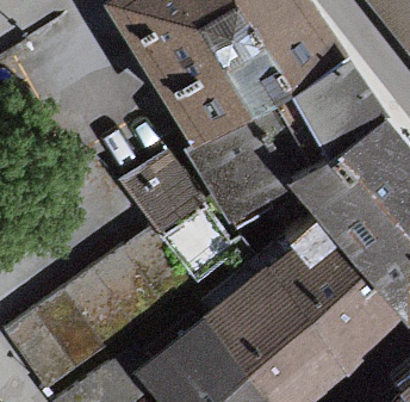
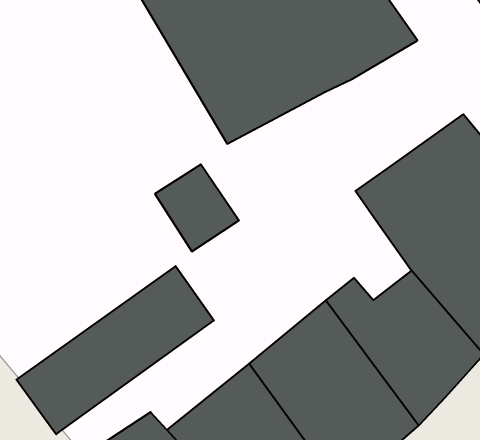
building: [291,55,380,154] -> none
building: [190,97,306,206] -> none

